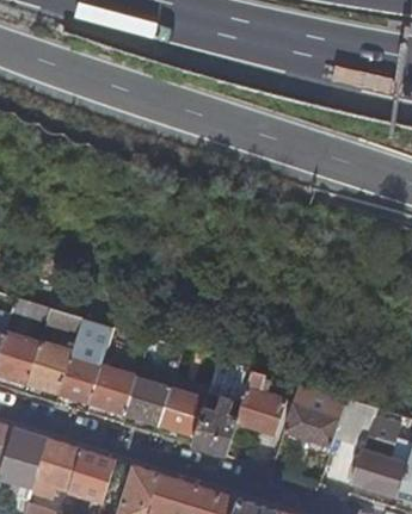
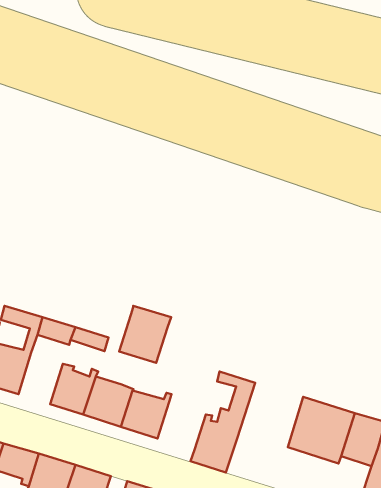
building: [26,342,72,391] -> none
building: [233,371,284,434] -> none
building: [158,380,207,434] -> [119,306,171,363]

